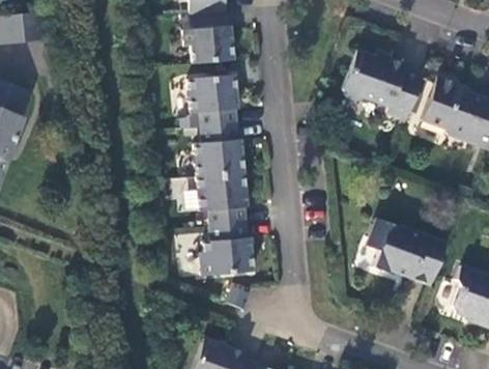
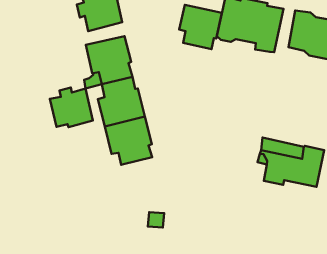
building: none -> [179,5,222,49]
building: none -> [50,87,93,127]
building: [197,223,251,276] -> none

